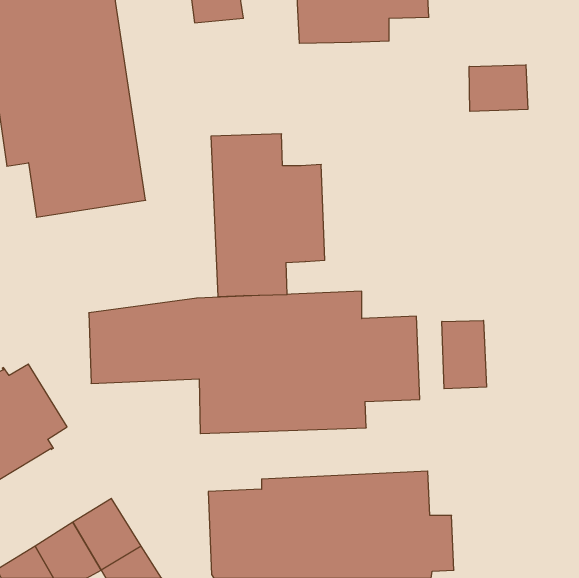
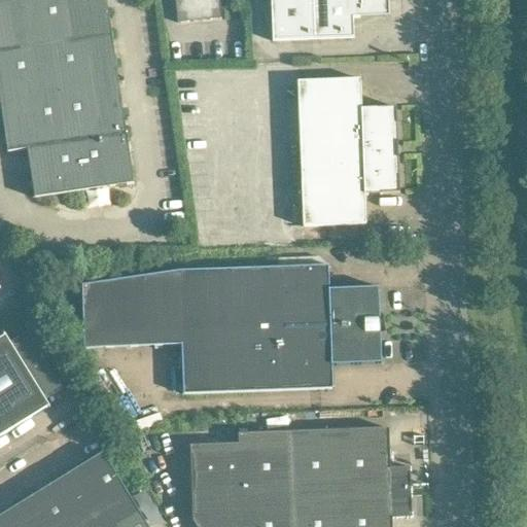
building: [469,65,528,111] -> none
building: [211,134,325,297] -> [295,77,398,224]
building: [442,320,486,389] -> none

